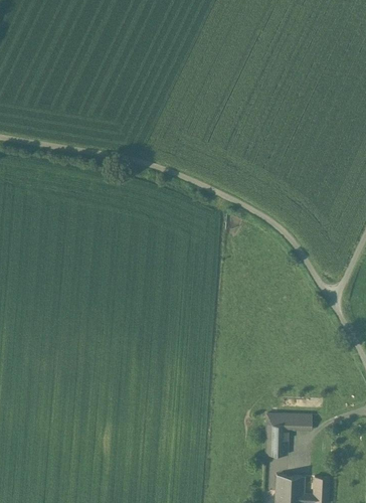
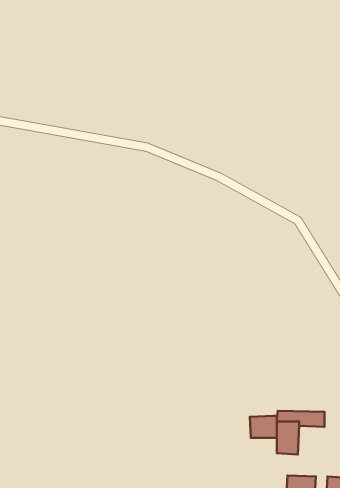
building: none -> [250,416,277,438]

